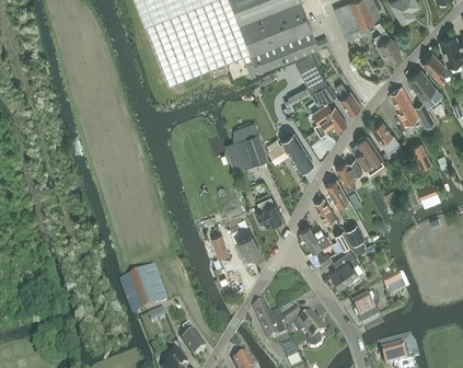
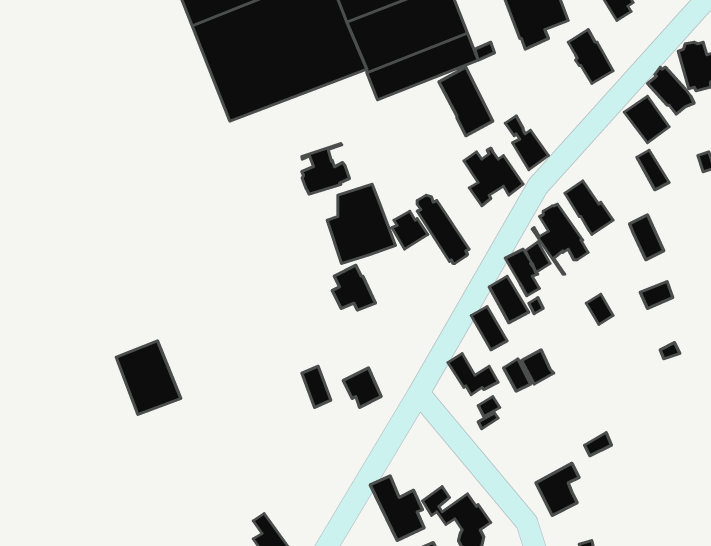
building: [390,88,419,126] -> none
building: none -> [302,143,349,194]
building: [256,197,282,225] -> [332,265,375,310]
building: [331,251,358,287] -> none
building: [128,265,167,310] -> [116,341,181,415]

